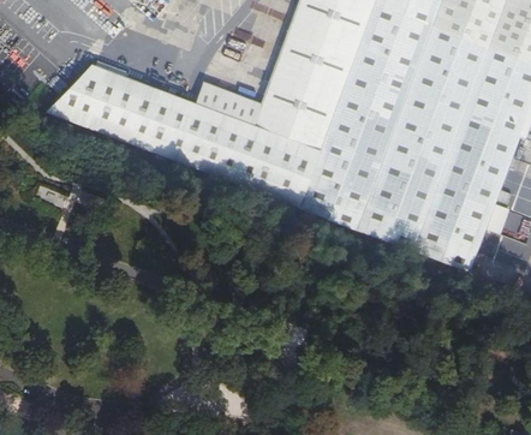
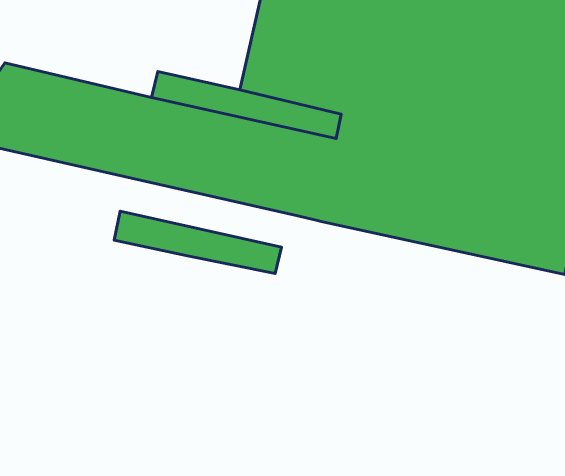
building: none -> [114,211,281,273]

